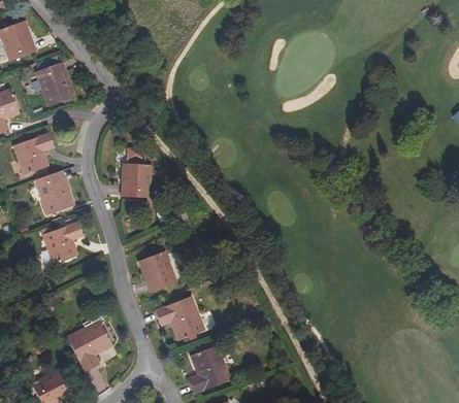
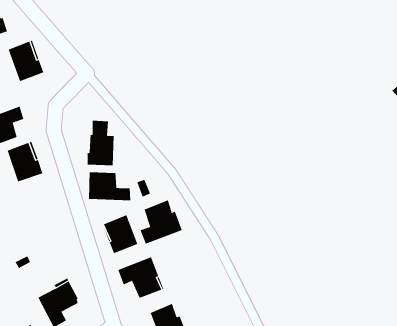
building: none -> [88,172,131,201]
building: [41,221,84,263] -> none
building: none -> [140,200,183,244]

